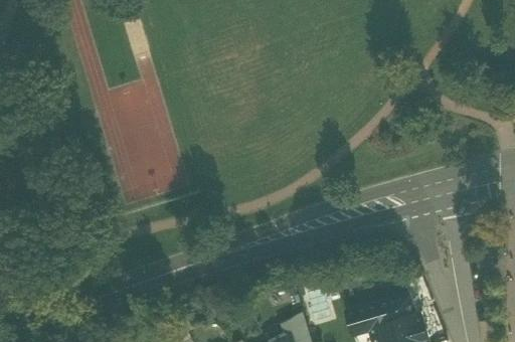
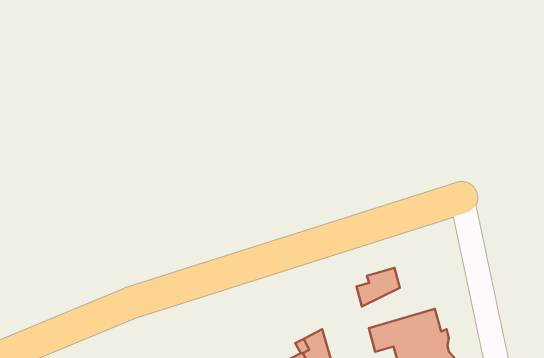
building: none -> [357,268,400,306]

